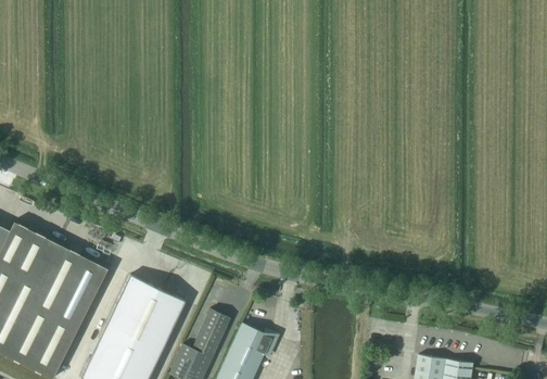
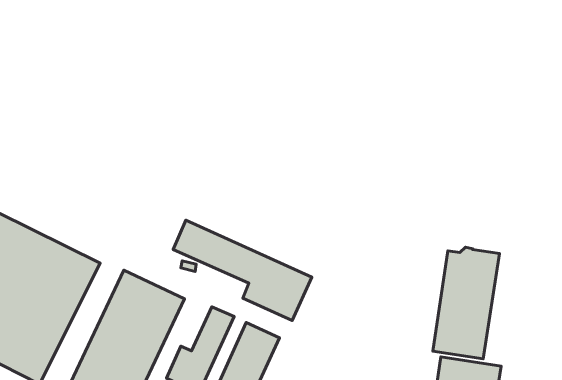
building: none -> [173,220,312,320]
building: none -> [433,247,499,359]

